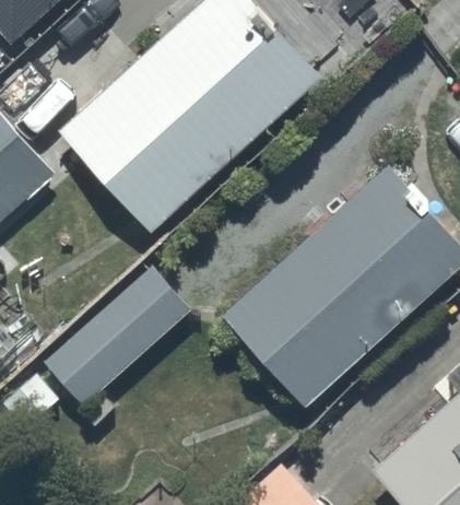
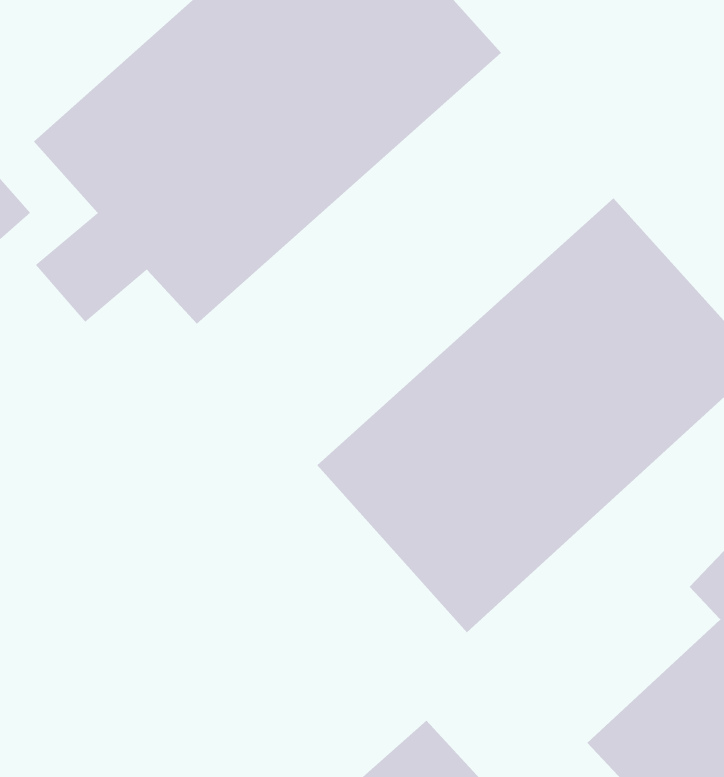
building: [44,263,193,427] -> none

